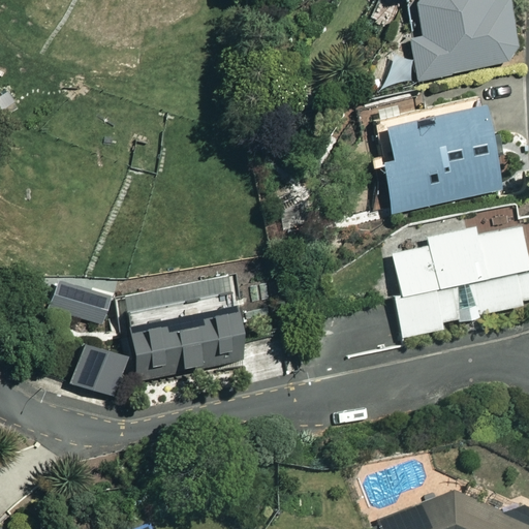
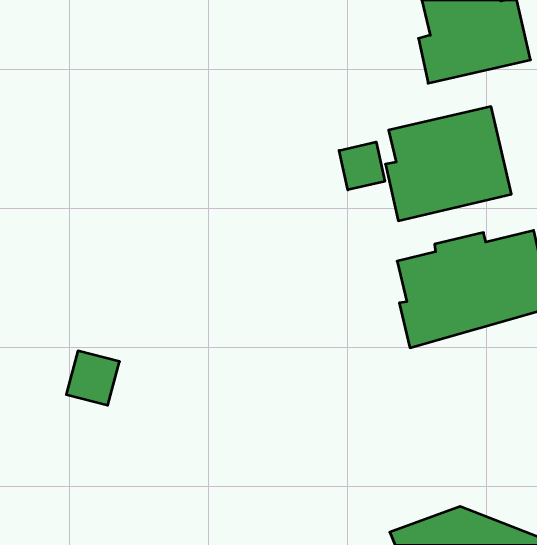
building: none -> [339,142,385,190]
building: [123,274,247,381] -> none
building: [56,281,114,321] -> none

